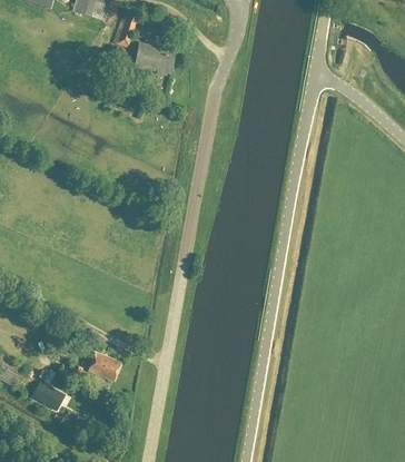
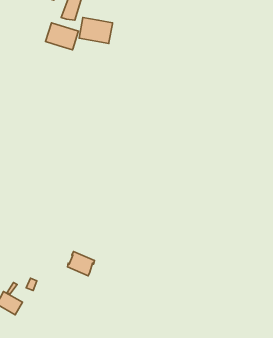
building: none -> [45,23,78,50]
building: [87,351,120,381] -> [67,252,94,276]

